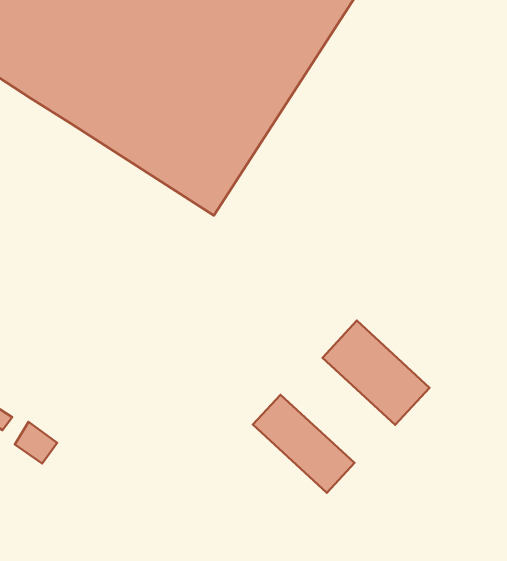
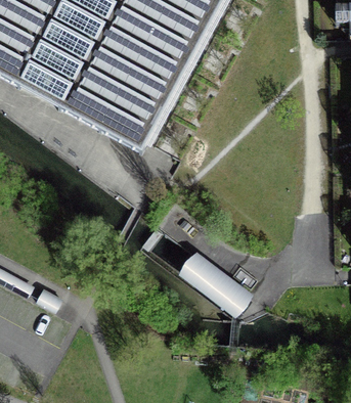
building: [322,321,430,425] -> none

